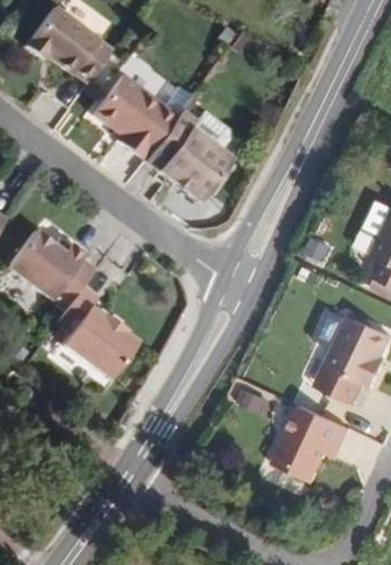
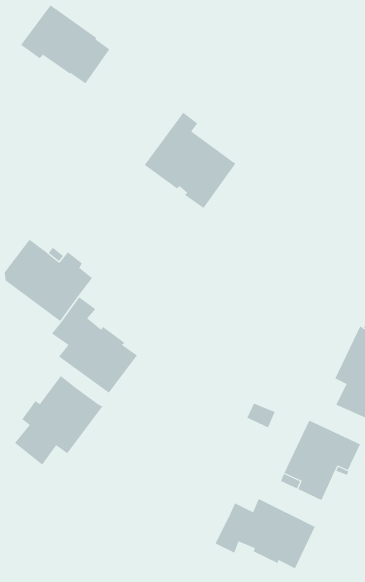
building: [92,74,176,159] -> none
building: none -> [14,375,103,465]
building: none -> [215,498,316,569]

